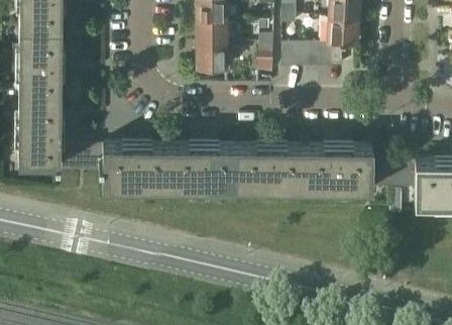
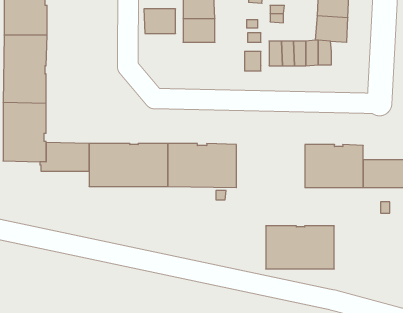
building: [197,44,228,69] -> [144,9,176,33]
building: [249,145,317,188] -> [266,226,334,269]

